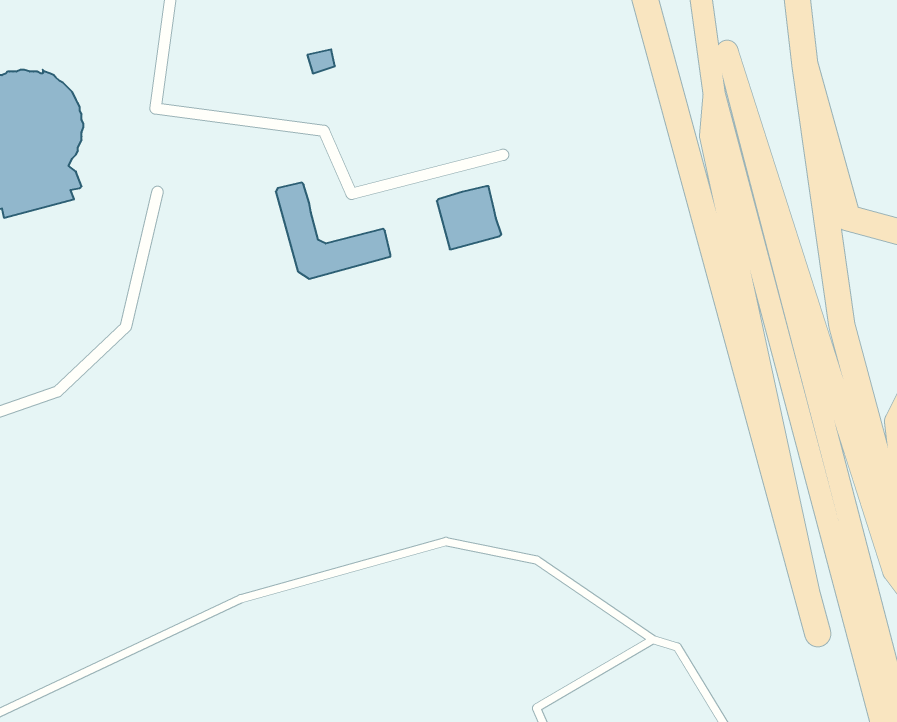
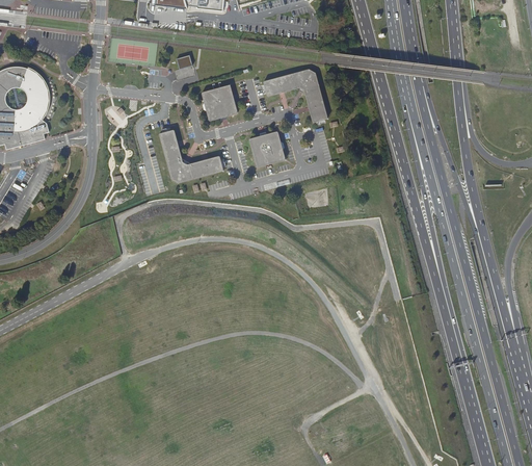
building: none -> [262,69,327,122]
building: none -> [201,84,237,121]

